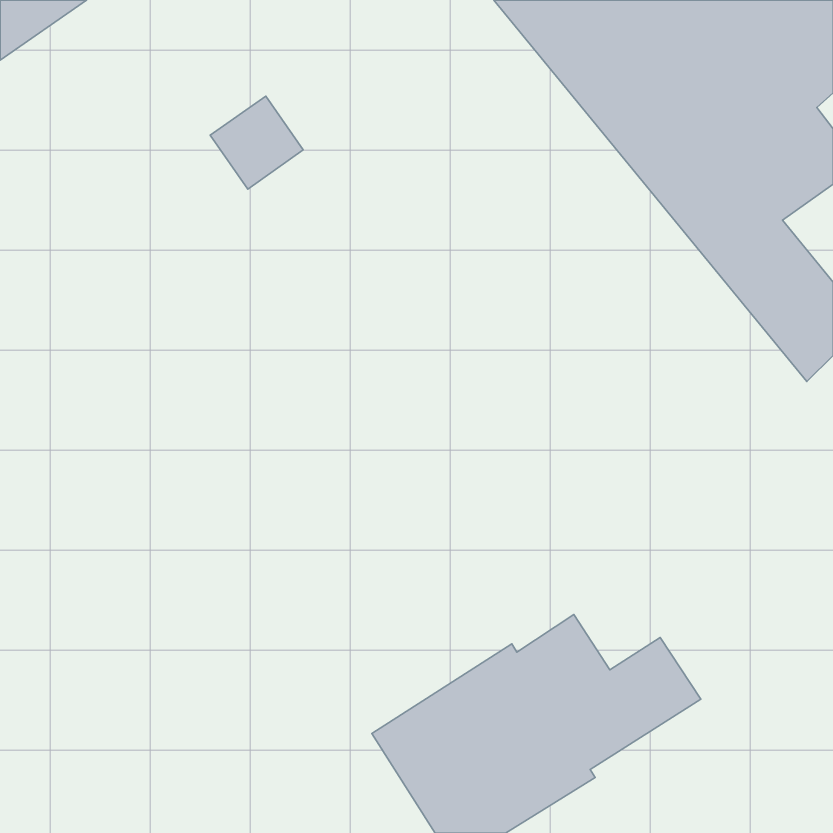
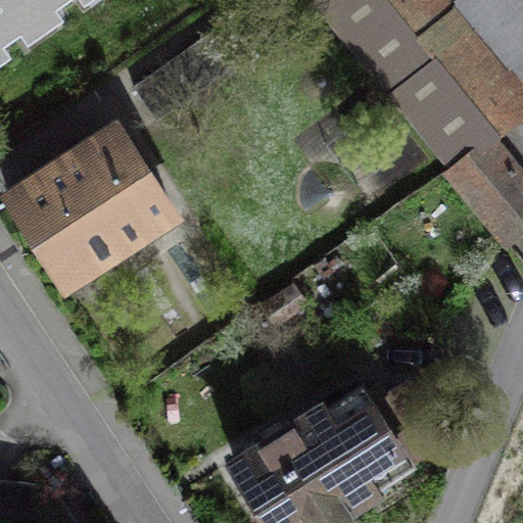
building: none -> [9,136,172,280]

